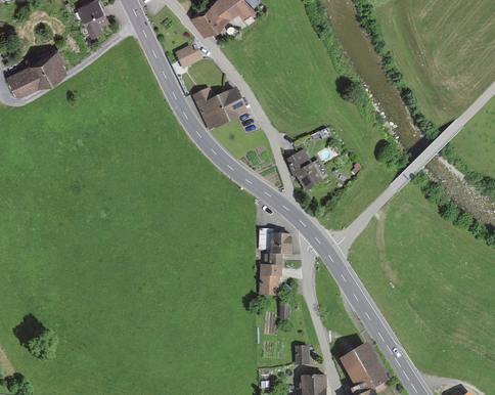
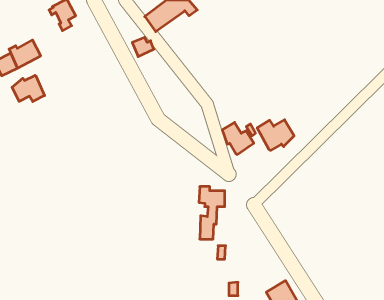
building: [194,89,246,129] -> none
building: none -> [12,75,45,102]
building: none -> [257,120,294,150]

